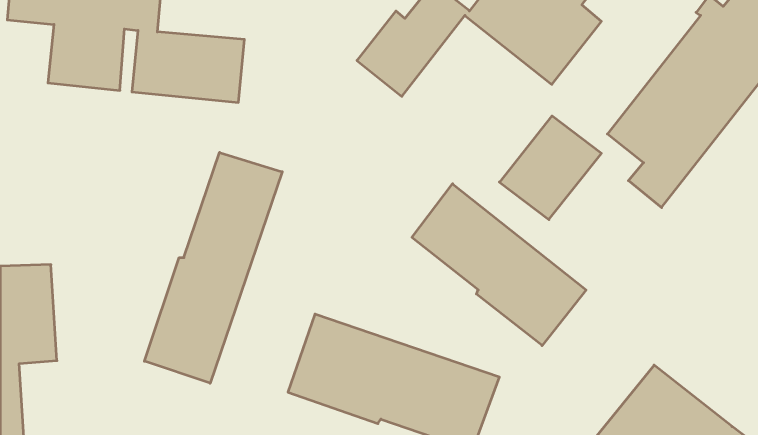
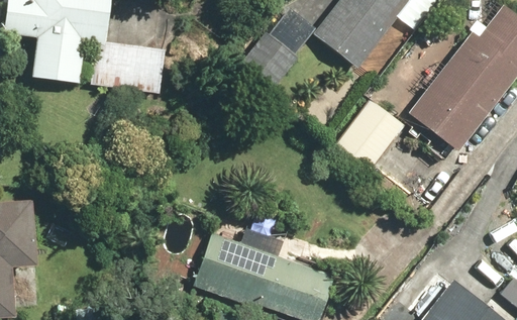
building: [144,152,282,383] -> none
building: [412,184,586,346] -> none

